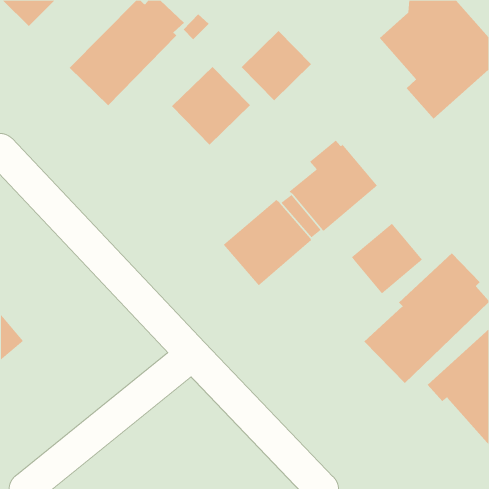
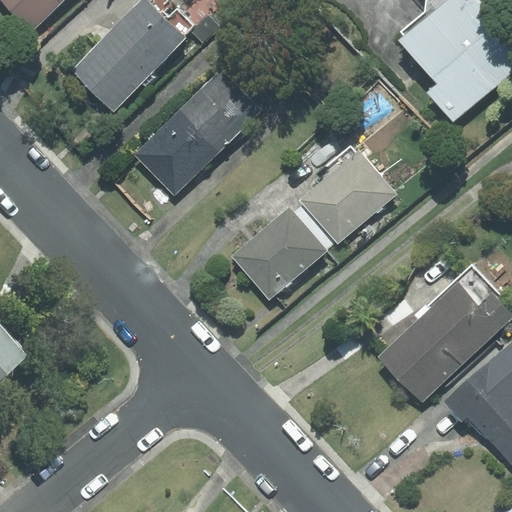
building: [241,30,312,101] -> none
building: none -> [135,111,219,195]
building: [351,223,423,294] -> none

